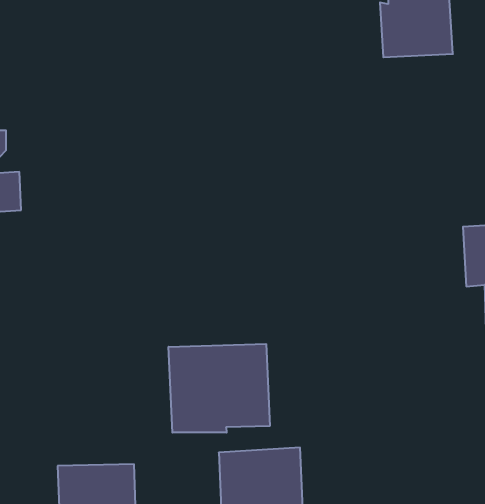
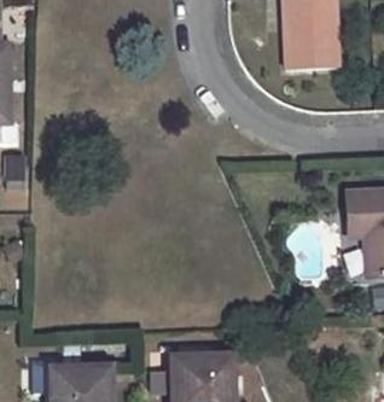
building: [169,344,270,433] -> none

